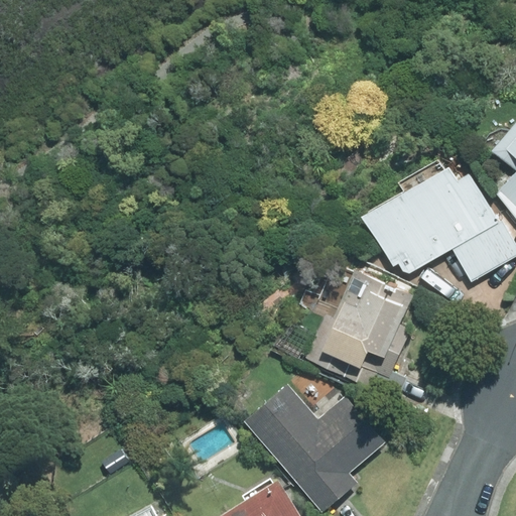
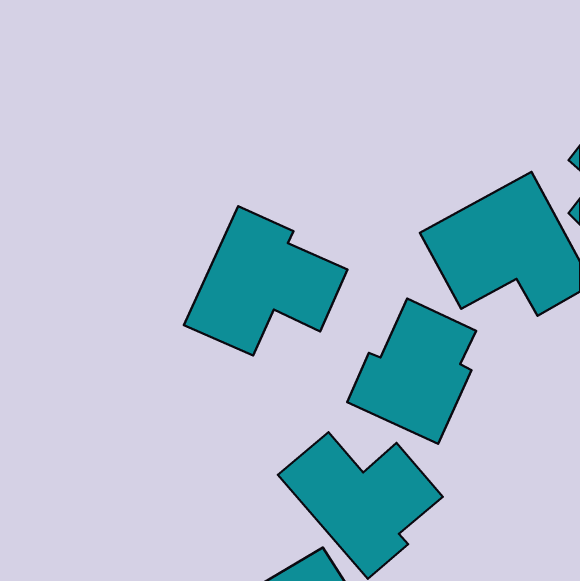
building: none -> [184,206,347,356]

